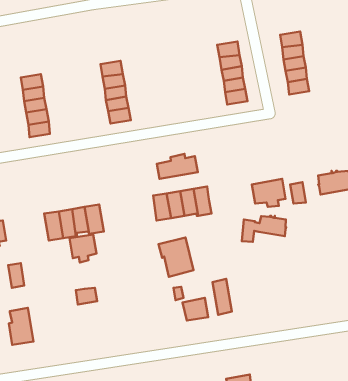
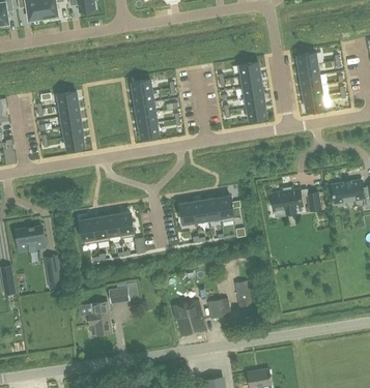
building: [157,154,198,179] -> none
building: [242,216,286,242] -> none
building: [69,235,96,262] -> none
building: [159,238,193,277] -> [172,300,204,336]
building: [9,308,33,345] -> [88,301,111,335]

